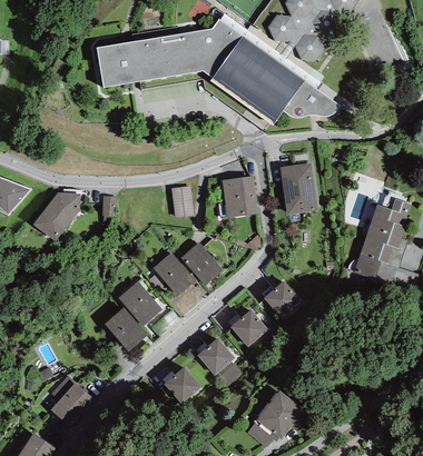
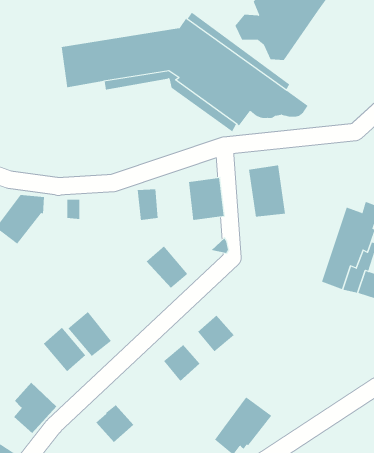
building: [153,251,195,296] -> none
building: [119,280,161,325] -> [43,327,86,372]
building: [263,280,301,317] -> none
building: [164,366,201,404] -> [96,404,134,443]

